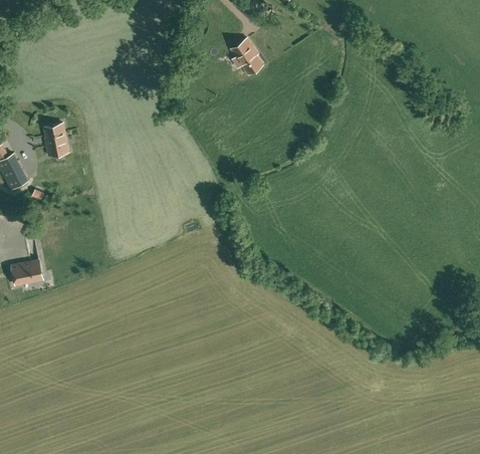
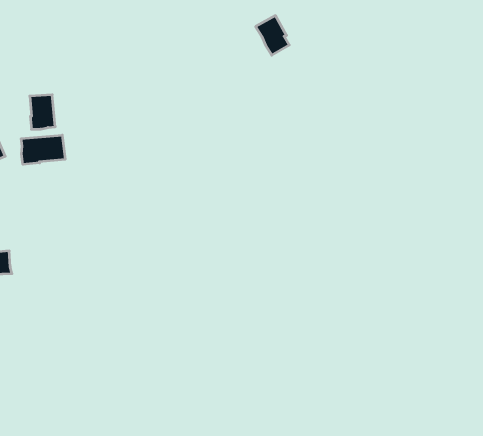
building: none -> [21,135,65,164]

